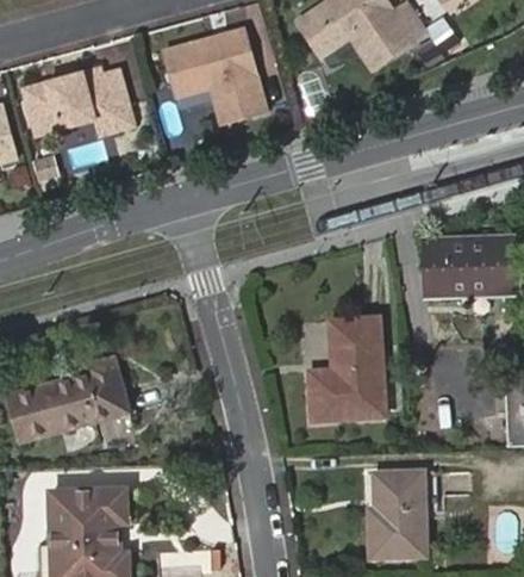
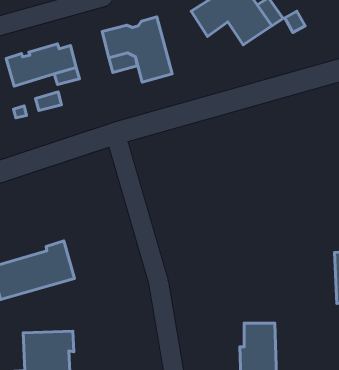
building: [426,237,506,292] -> none
building: [307,321,378,421] -> none

